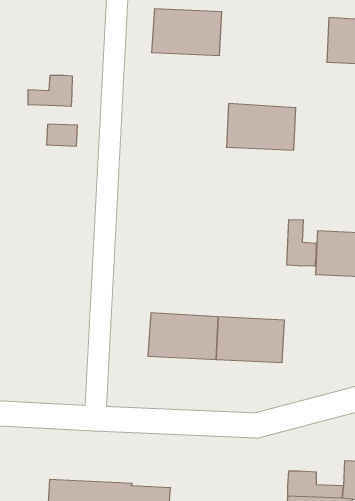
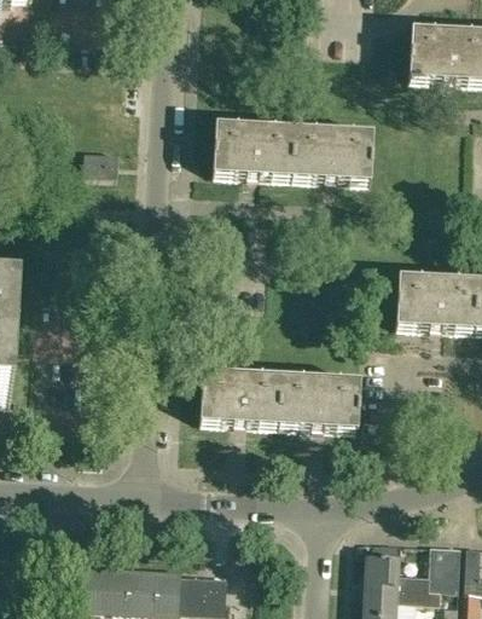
building: [151,9,222,55] -> [214,122,296,177]
building: [28,75,72,106] -> none
building: [287,220,316,266] -> none

